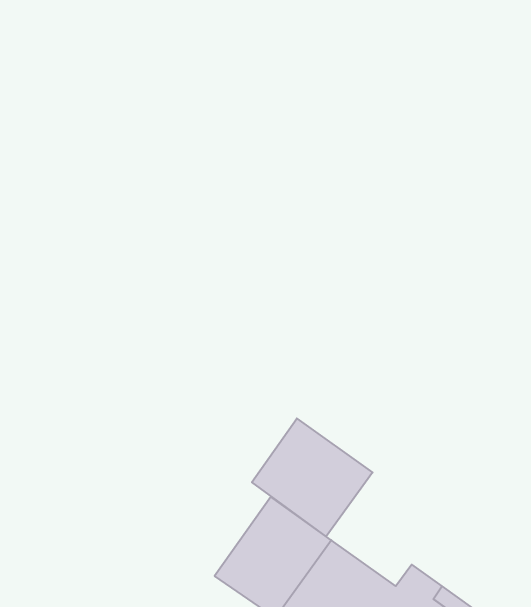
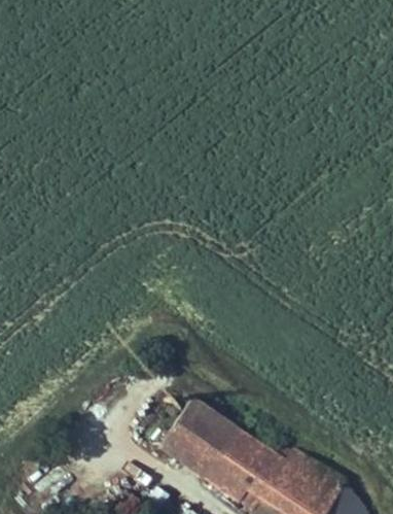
building: [252,418,373,537] -> none

